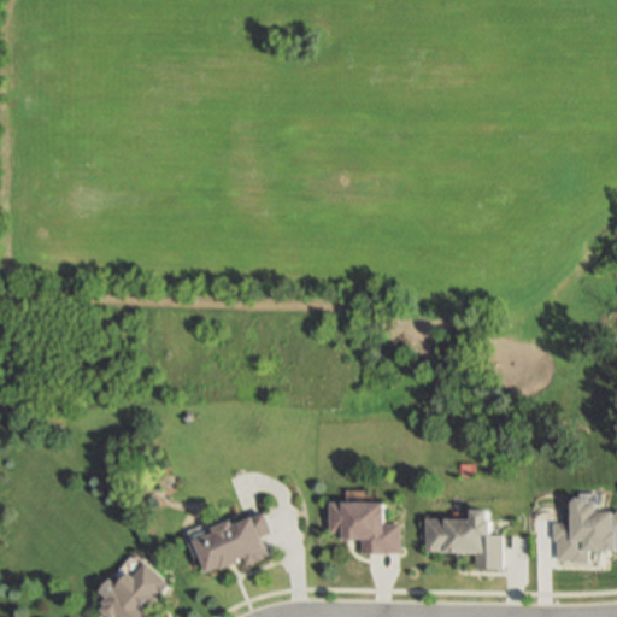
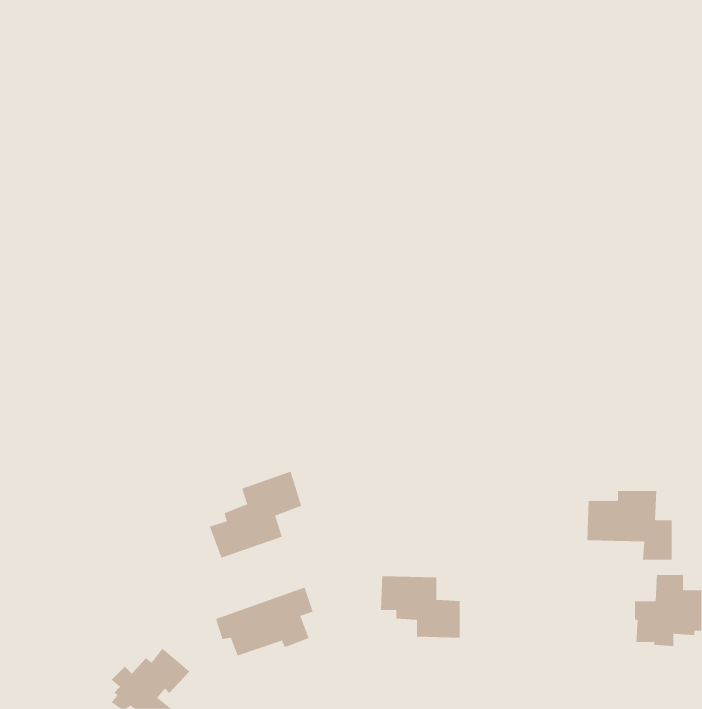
building: none -> [209,471,302,559]
building: [425,509,500,569] -> [587,491,673,560]

